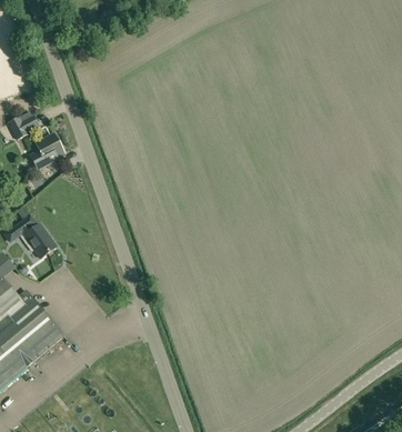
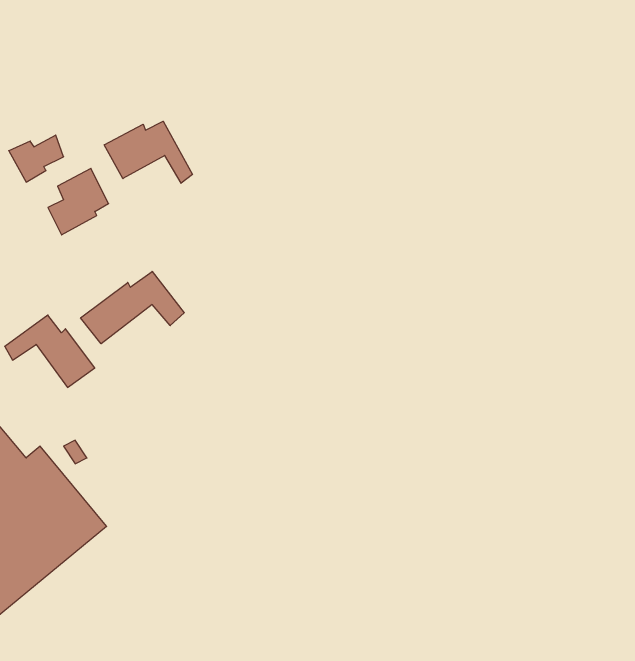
building: none -> [104,121,192,183]
building: none -> [81,271,184,344]

